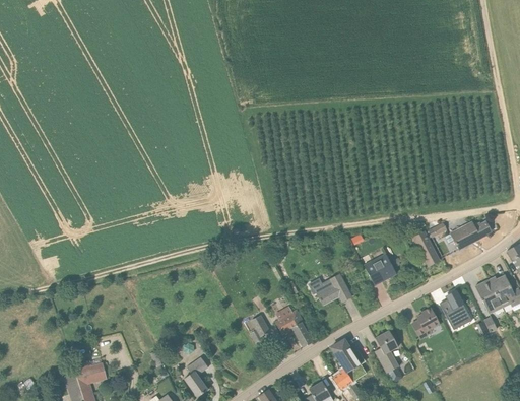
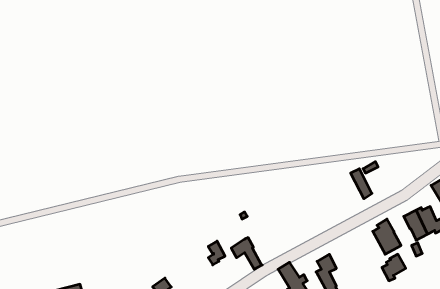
building: [450,222,490,250] -> none
building: [364,254,395,285] -> none
building: [308,274,350,305] -> none
building: [411,308,439,338] -> [382,254,406,281]

